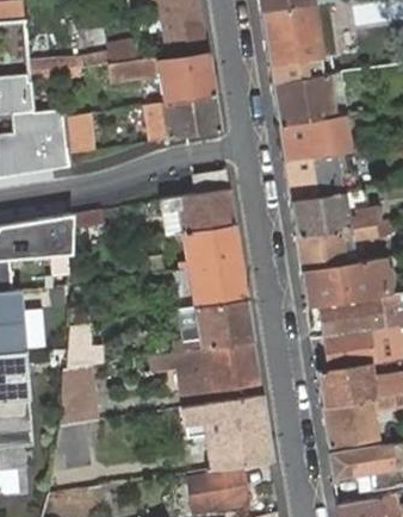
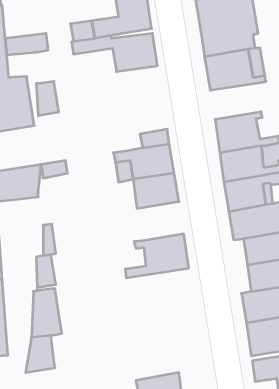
building: [147,94,222,142] -> none
building: [280,114,348,160] -> none
building: [154,260,248,307] -> none
building: [155,341,261,395] -> none
building: [184,395,273,468] -> none

